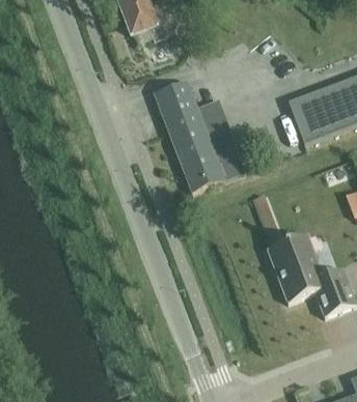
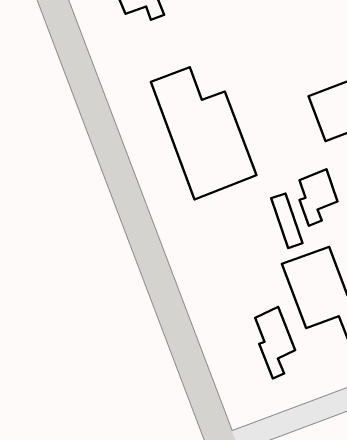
building: none -> [299,169,338,226]
building: none -> [255,307,295,379]

